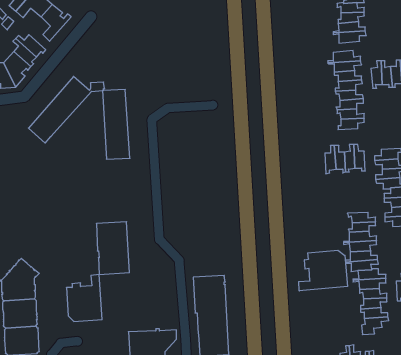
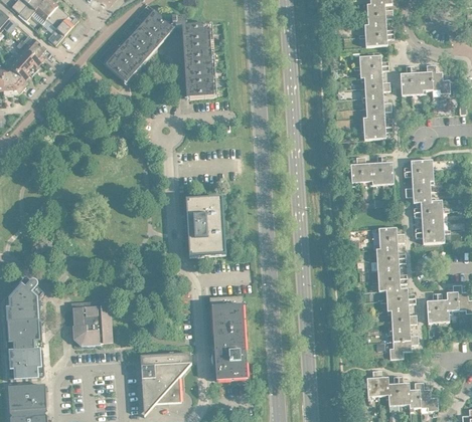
building: [28,76,130,159] -> [106,10,214,98]
building: [96,222,129,274] -> [188,199,223,255]
building: [299,250,348,291] -> none

